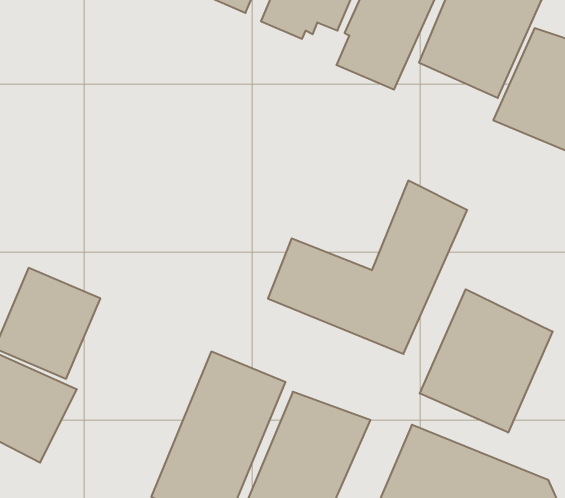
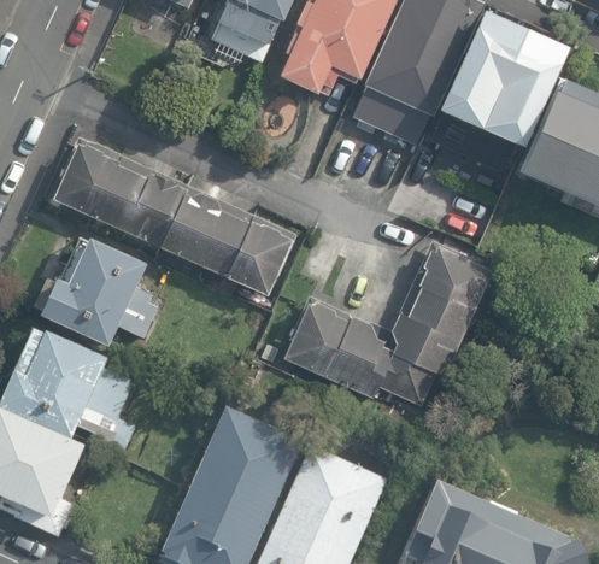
building: none -> [60,141,296,295]
building: none -> [35,235,149,345]
building: [420,289,553,433] -> none

